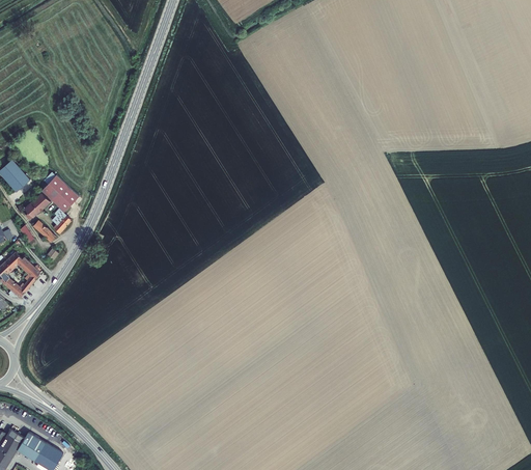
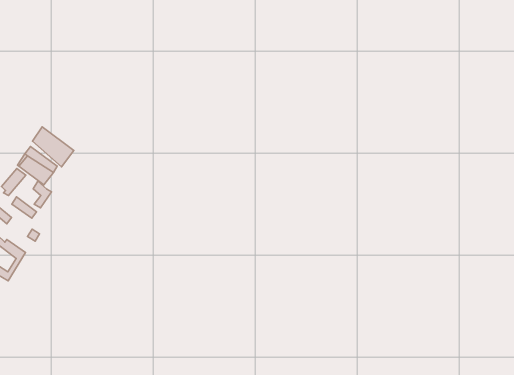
building: none -> [32,127,74,167]

